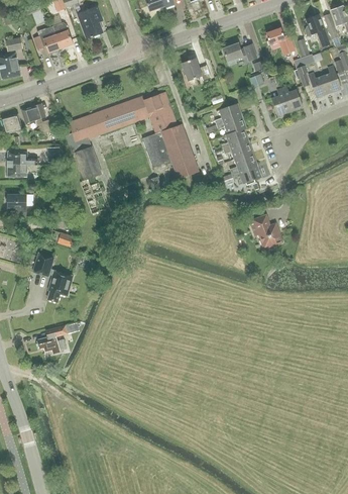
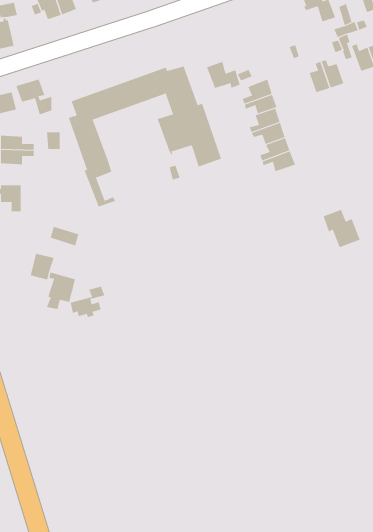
building: [221,42,256,66] -> none
building: [181,58,210,81] -> [206,61,240,88]
building: [249,215,281,249] -> [323,209,360,248]
building: [37,325,68,353] -> [70,286,105,318]

